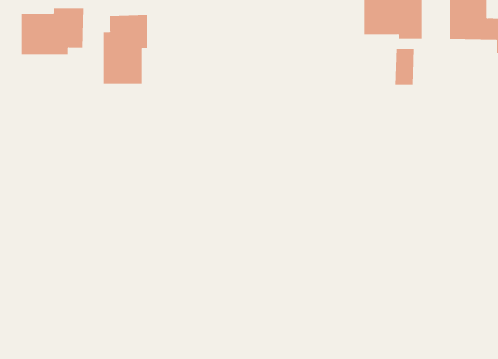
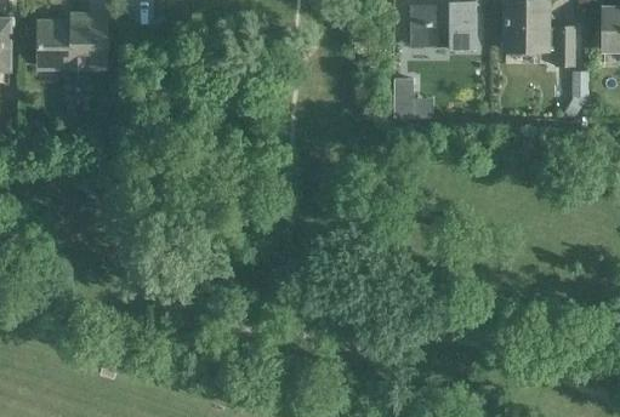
building: [103,14,148,85] -> none
building: [395,48,415,85] -> [393,80,415,120]

